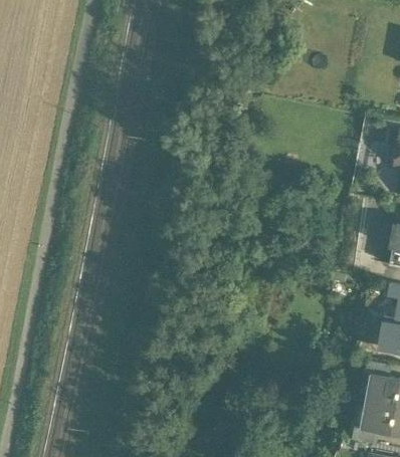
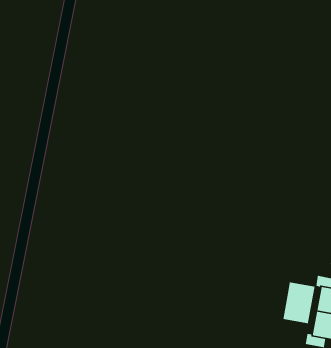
building: none -> [282,281,316,324]

